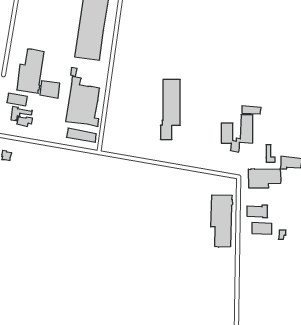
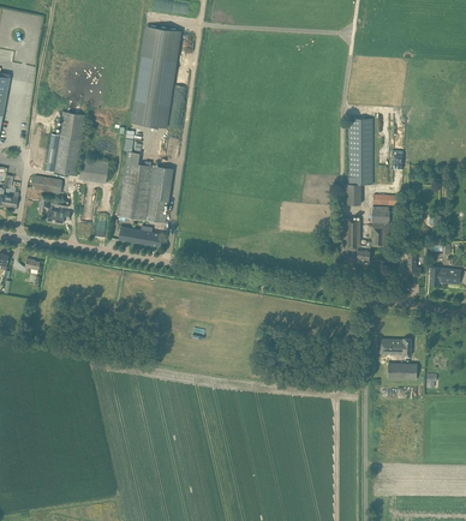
building: [160,80,180,139] -> [345,118,374,204]
building: [248,169,281,188] -> none
building: [211,195,232,247] -> none

